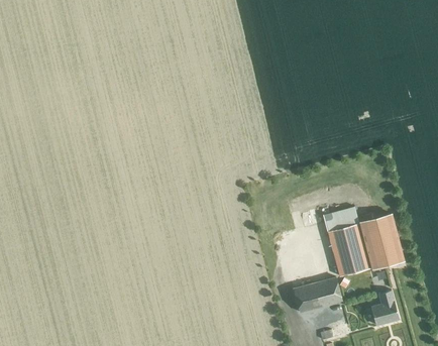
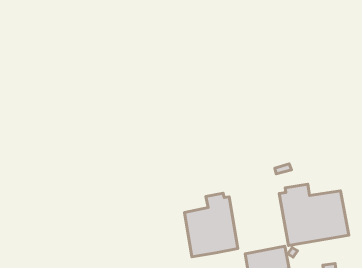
building: none -> [185,193,238,257]

